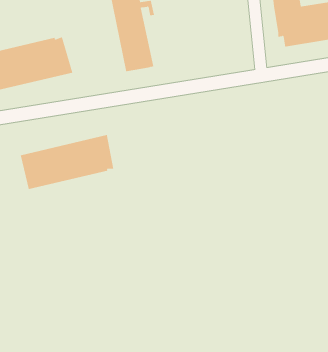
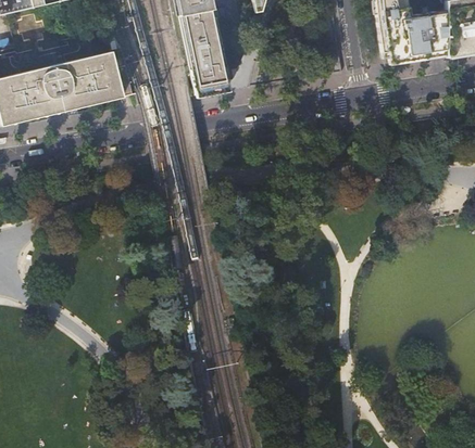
building: [20,134,114,190] -> none

